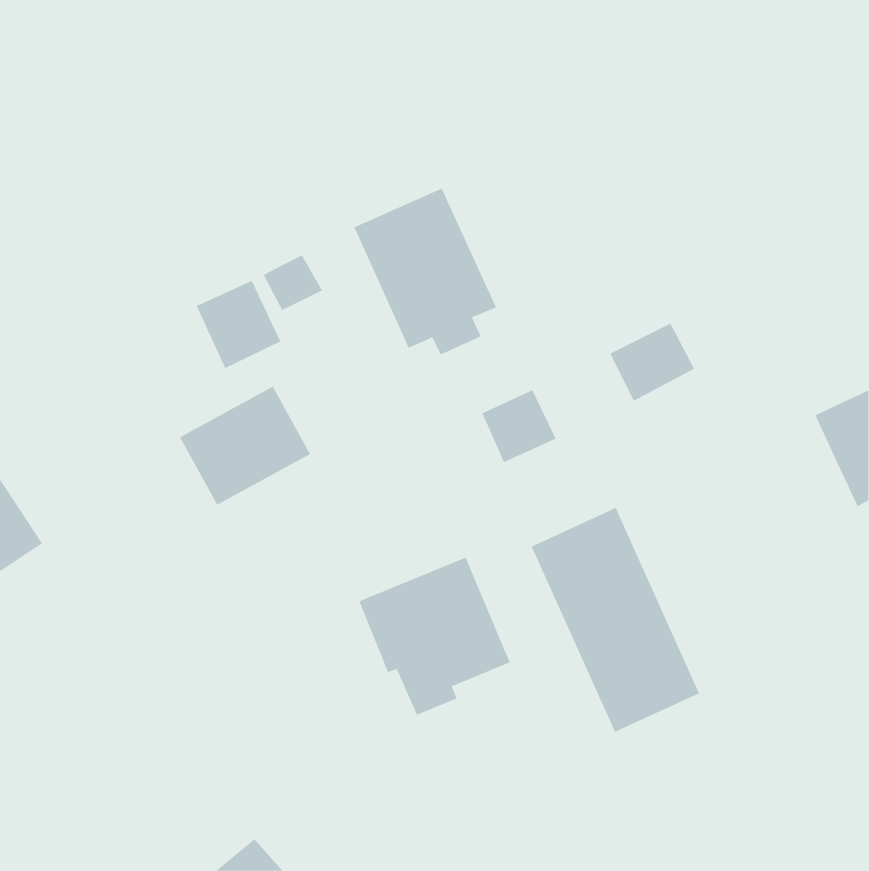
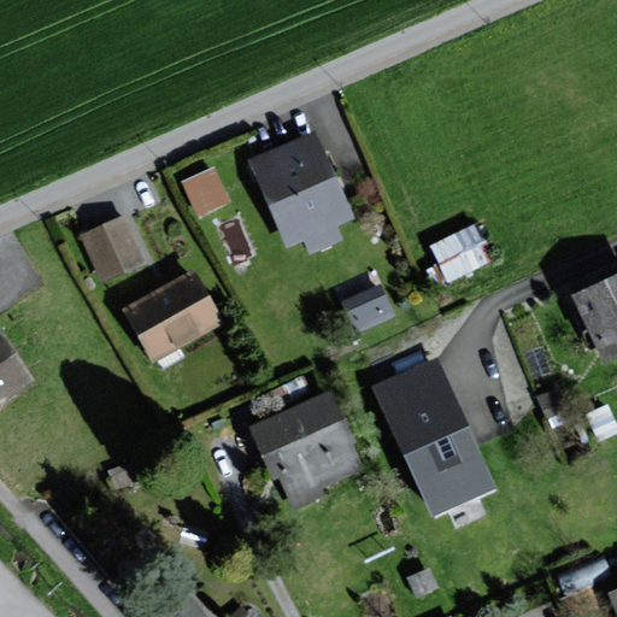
building: [196,280,281,369] -> [82,217,142,280]

